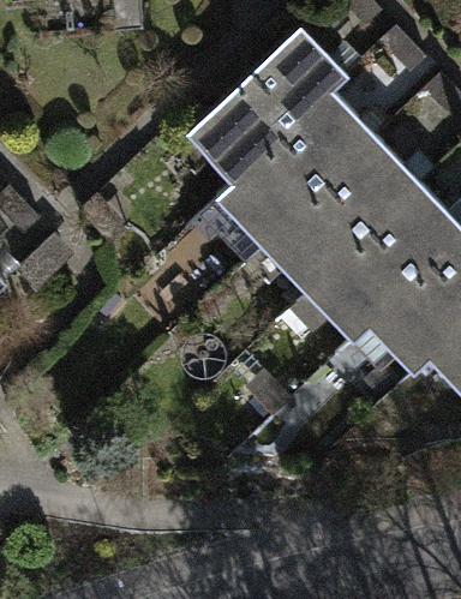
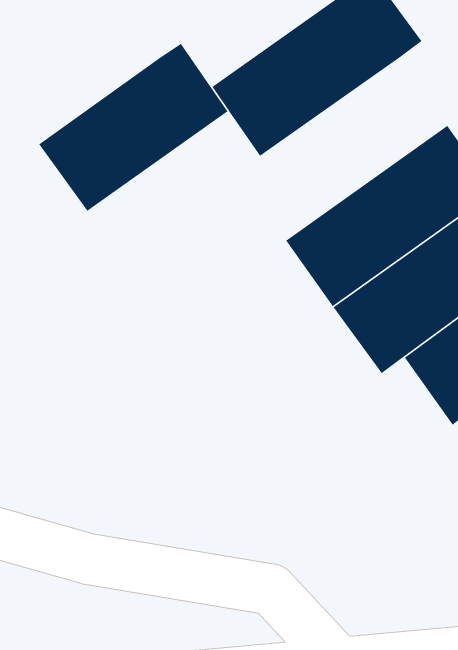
building: [218,92,377,247] -> none
building: none -> [38,43,228,212]

